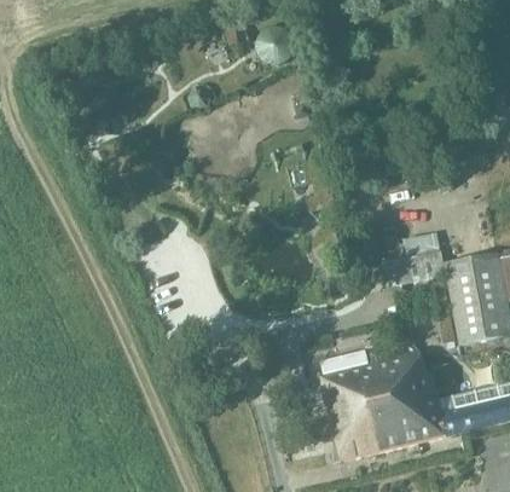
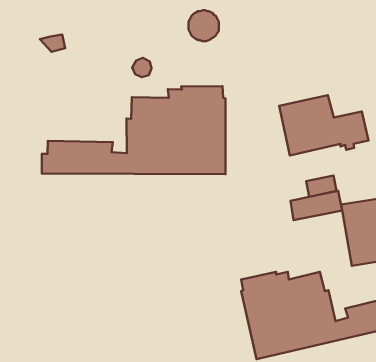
building: none -> [42,86,226,174]
building: none -> [279,95,368,155]

